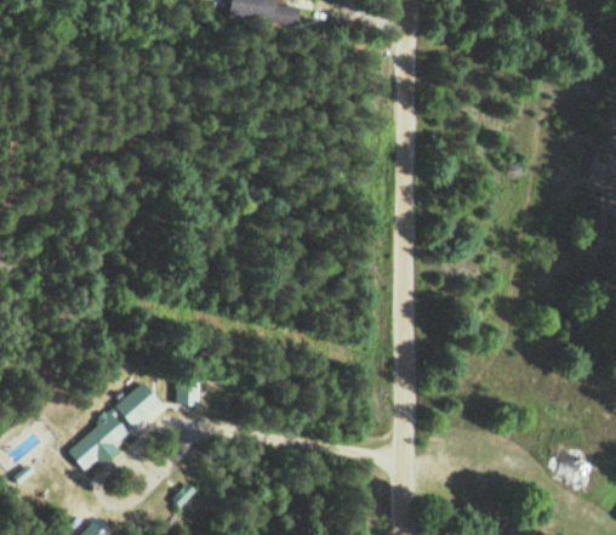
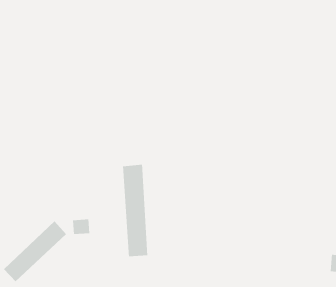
building: none -> [122,164,148,257]

